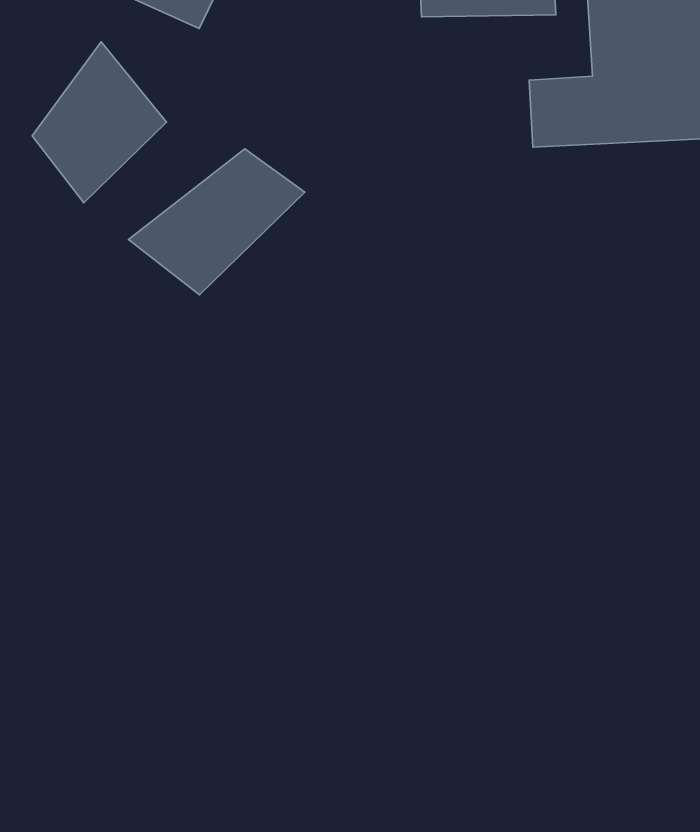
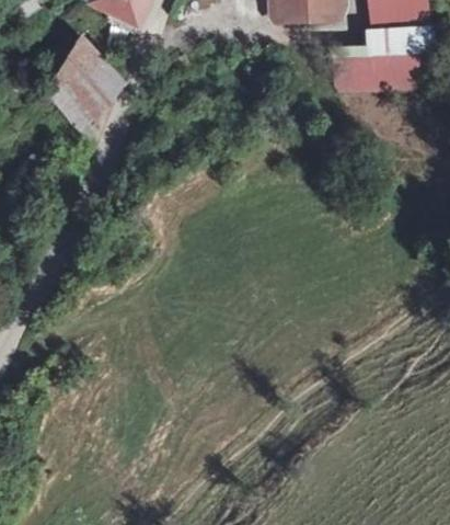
building: [128,149,305,295] -> none

